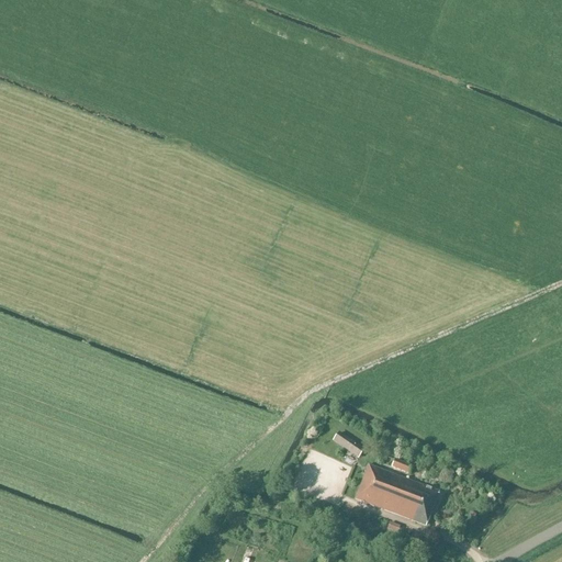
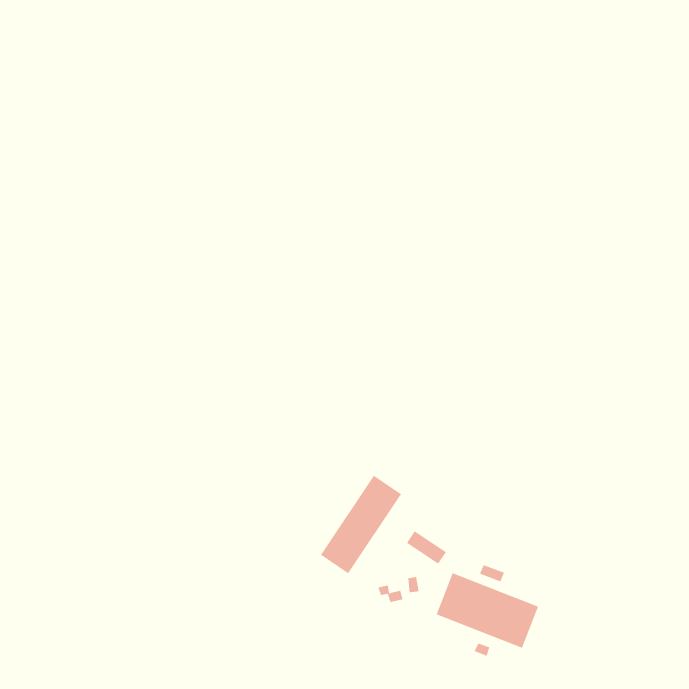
building: none -> [320,475,402,574]

